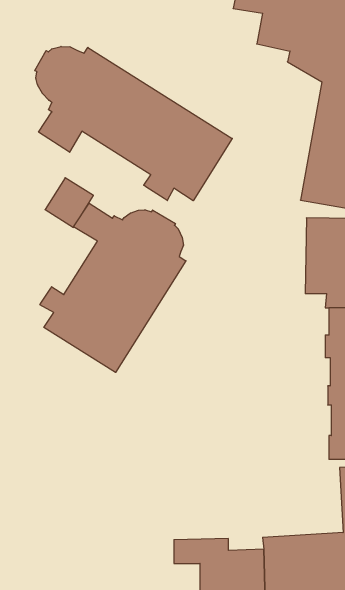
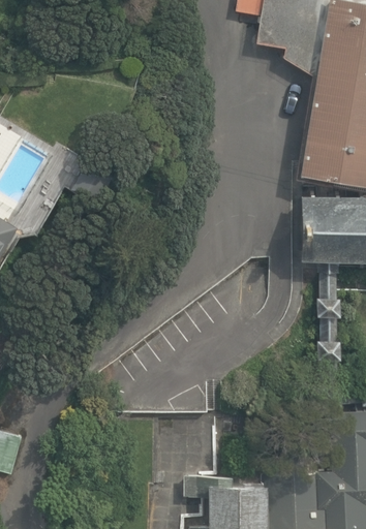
building: [35,46,232,201] -> none
building: [40,203,186,372] -> none

